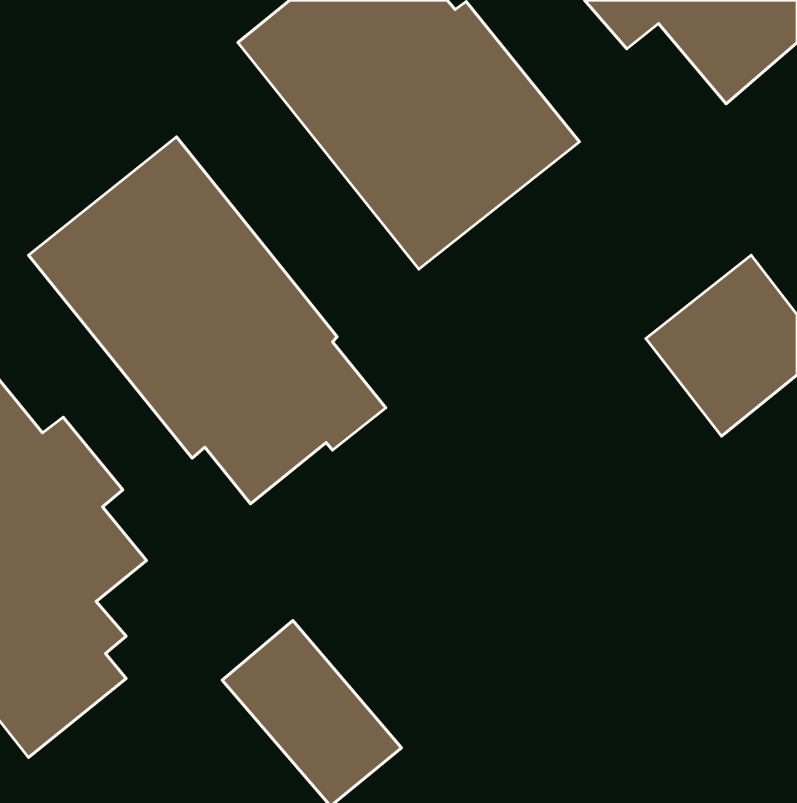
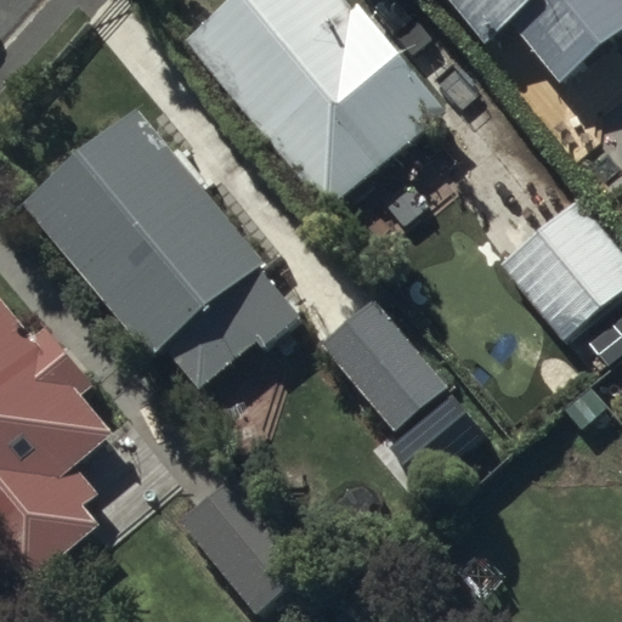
building: none -> [320,292,451,430]

